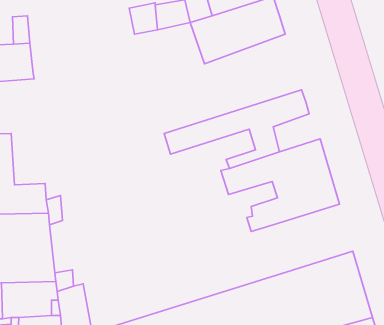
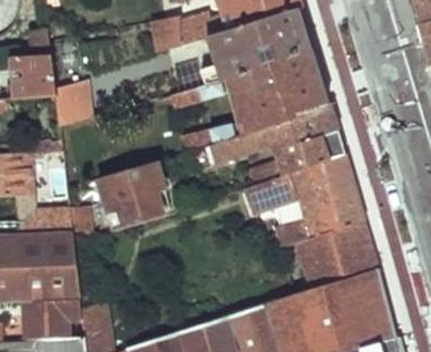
building: none -> [170,51,327,153]
building: none -> [54,82,90,130]
building: none -> [298,131,346,170]
building: none -> [98,163,163,231]
building: none -> [298,224,379,292]

